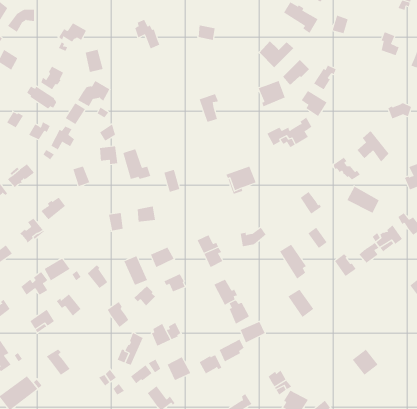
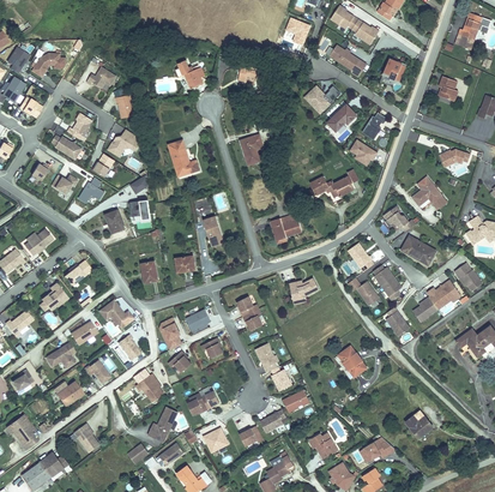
building: [258,80,285,107] -> none
building: [122,149,151,180] -> [164,145,195,179]
building: none -> [98,298,135,328]
building: [279,244,307,279] -> [372,263,402,301]
building: none -> [358,436,393,463]

